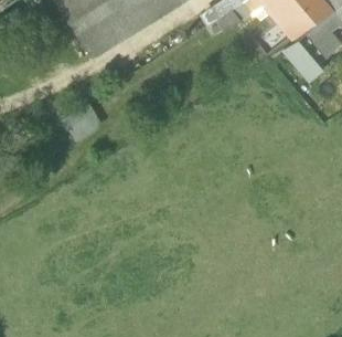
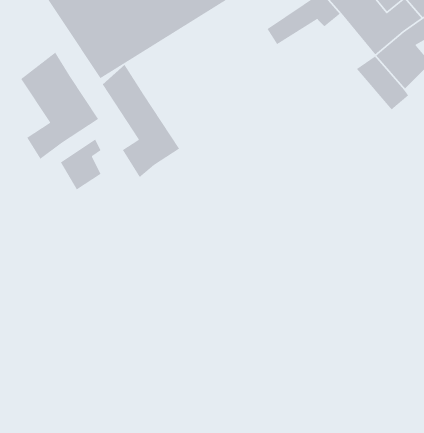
building: none -> [20,52,99,160]
building: none -> [102,64,180,178]

